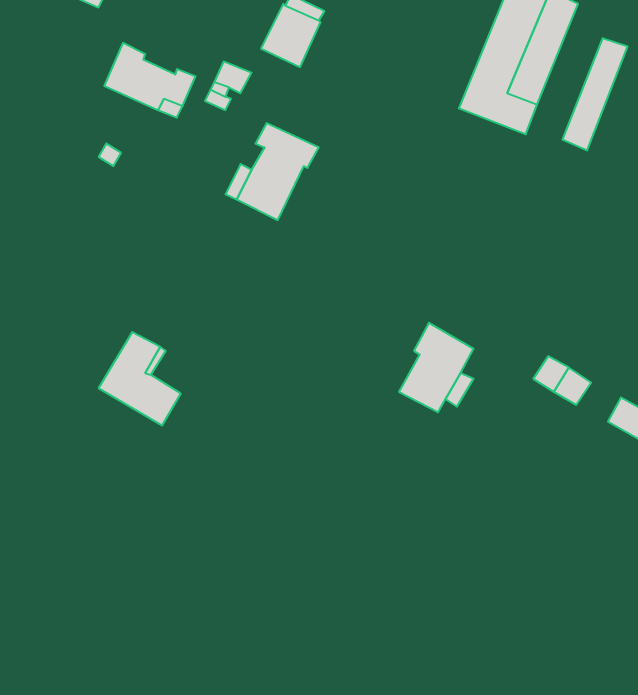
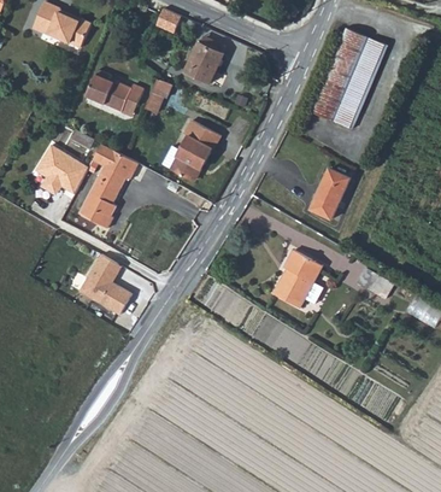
building: [563,38,627,151] -> none
building: none -> [80,143,137,229]
building: none -> [35,145,88,194]
building: none -> [307,170,348,222]

